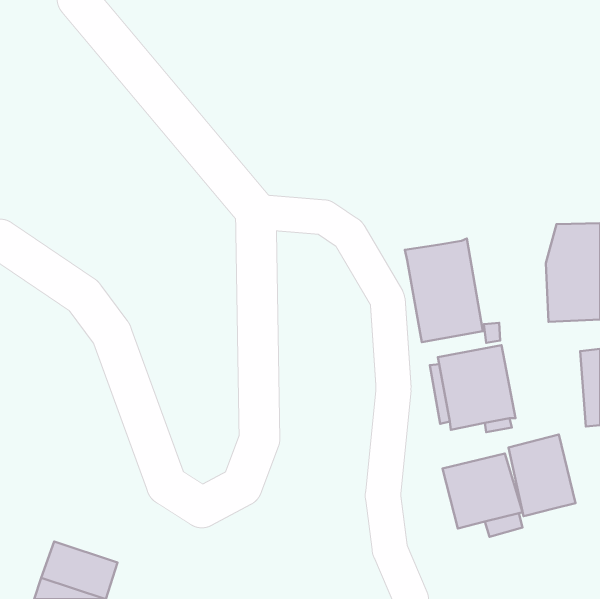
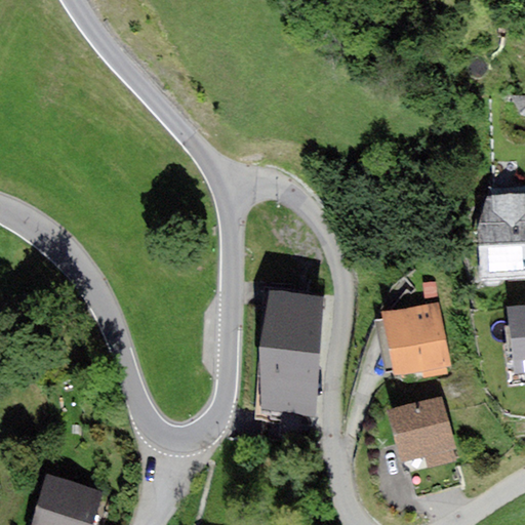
building: [405,239,483,342] -> none
building: none -> [260,292,324,417]
building: [509,435,576,516] -> none

